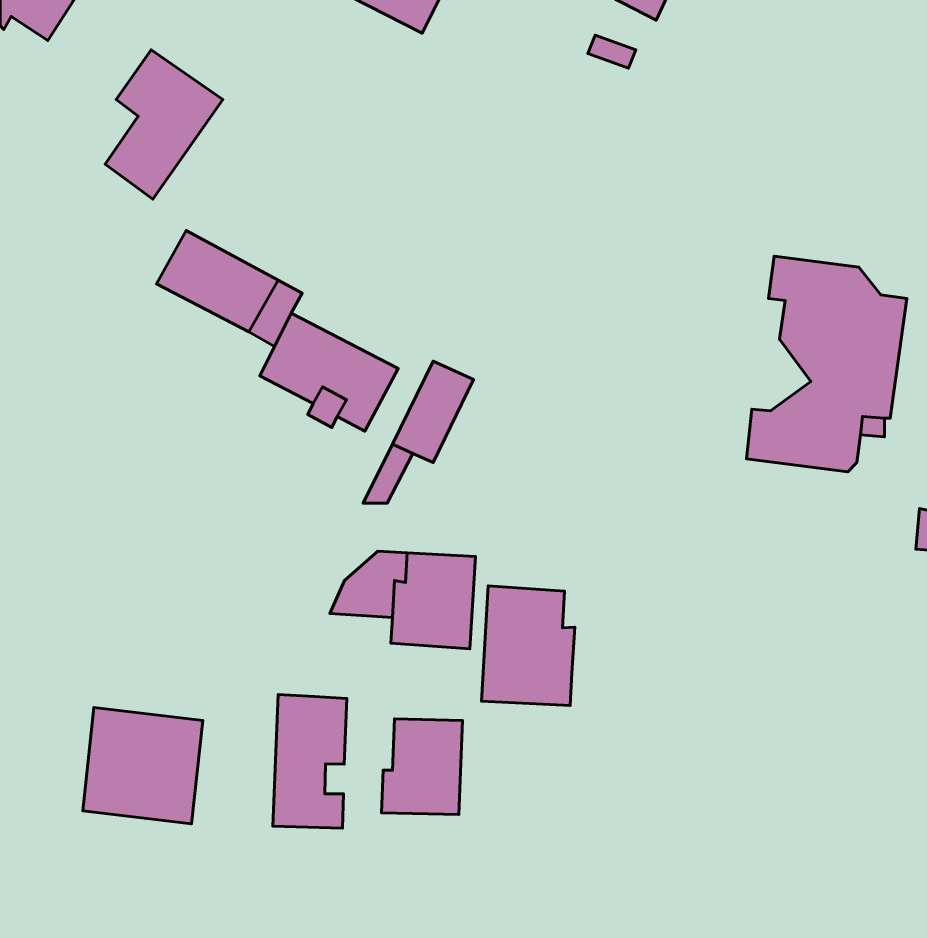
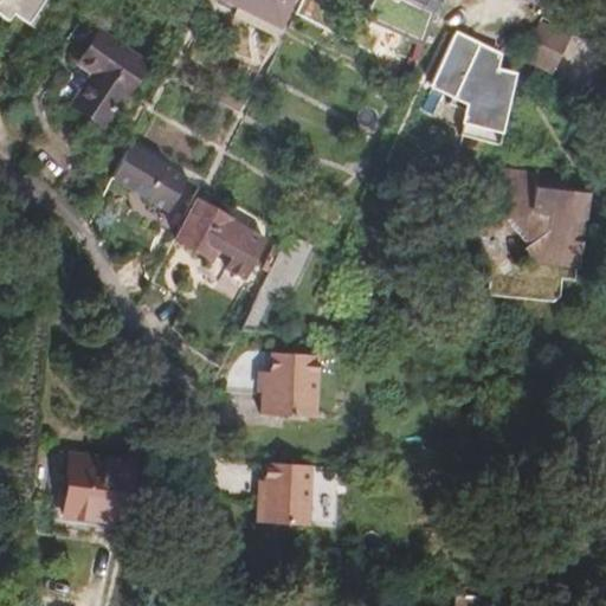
building: none -> [526,24,569,70]
building: none -> [433,27,520,141]
building: [481,586,575,706] -> none
building: [273,695,347,828] -> none

